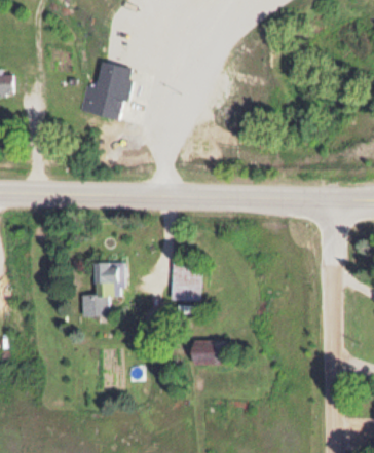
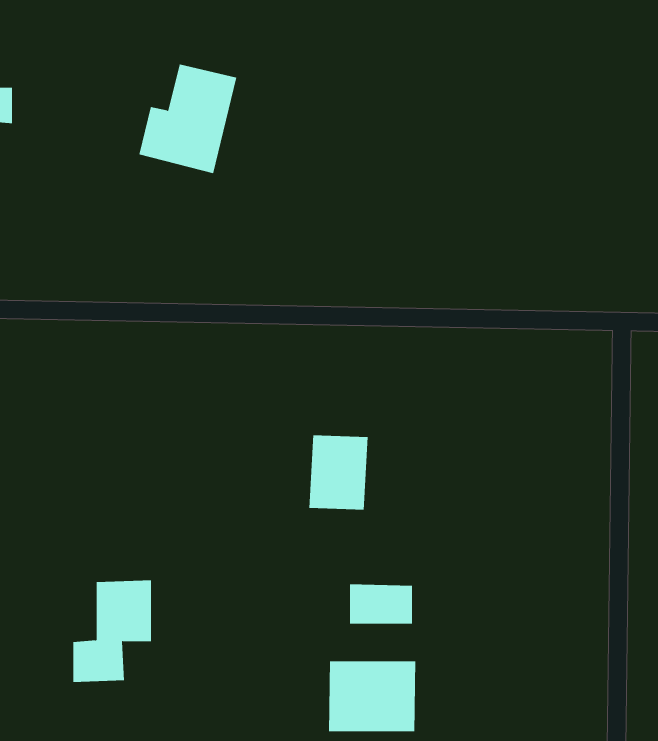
building: [81,263,123,317] -> [73,580,152,682]
building: none -> [328,661,416,732]

